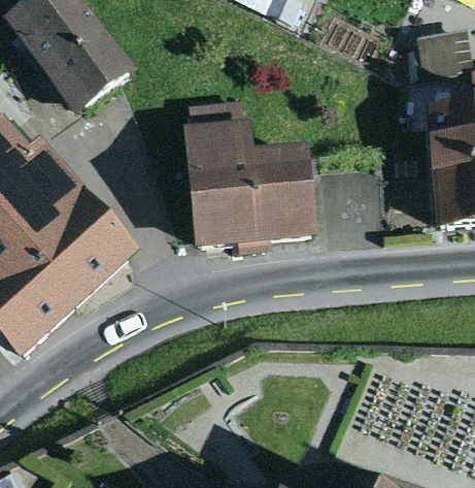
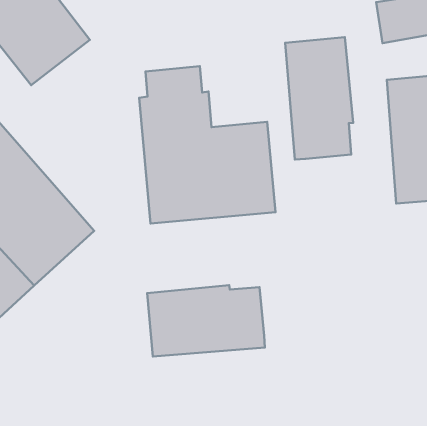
building: none -> [285,37,353,159]
building: none -> [147,285,265,356]

